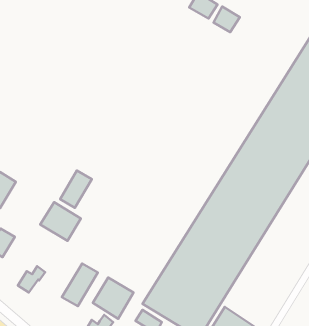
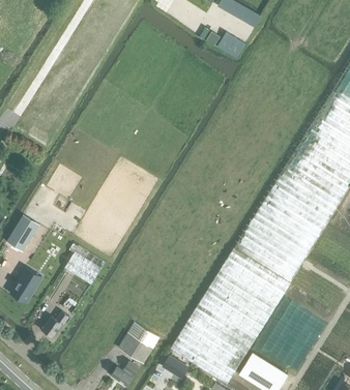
building: [213,7,240,32] -> none
building: [60,171,92,208] -> none
building: [62,263,98,306] -> none

